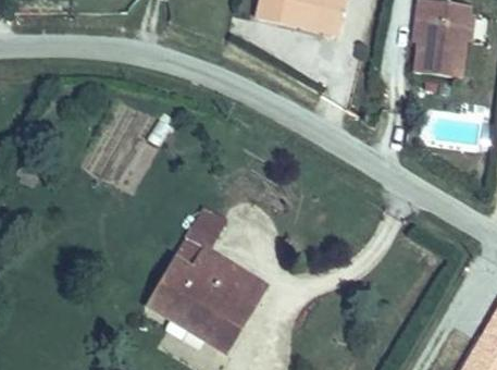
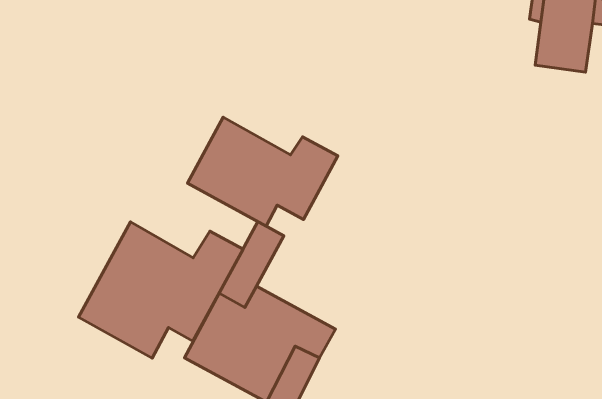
building: none -> [187,117,338,226]
building: none -> [78,222,243,358]

